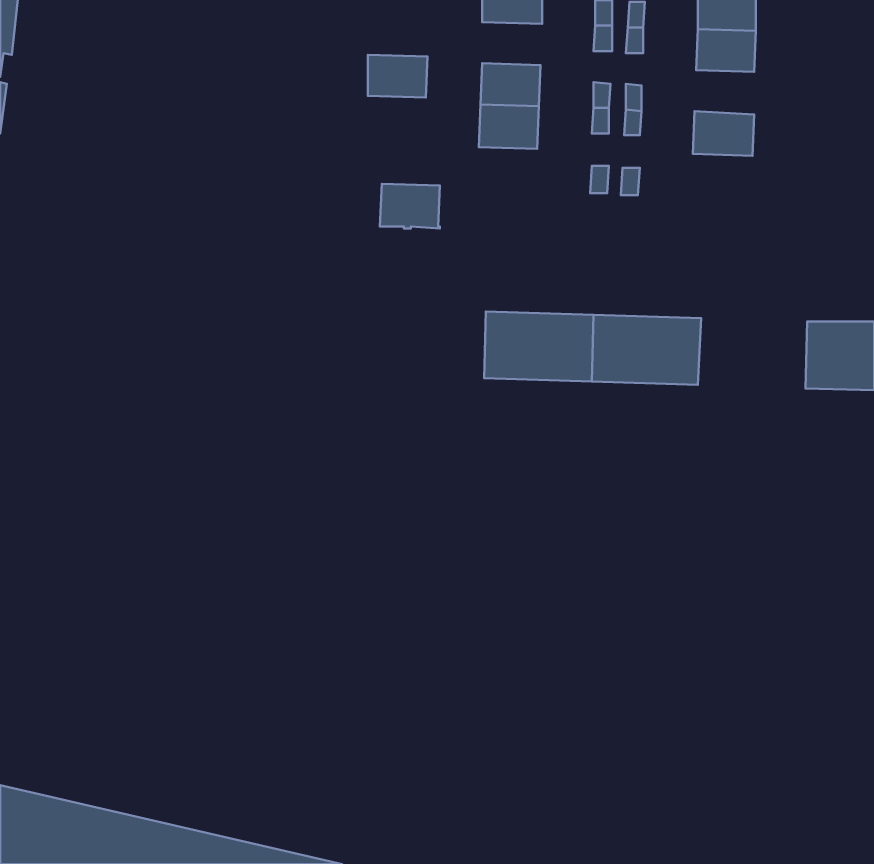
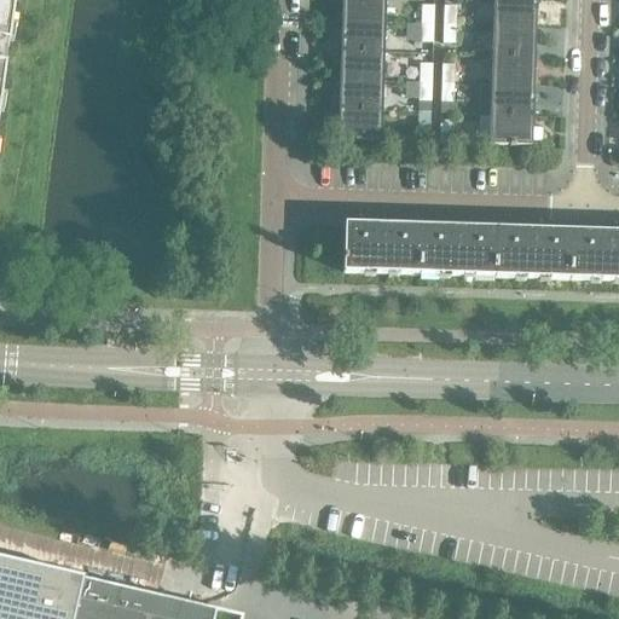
building: [368,55,428,97] -> [341,16,383,46]
building: none -> [491,50,533,81]
building: none -> [488,109,532,140]
building: [380,184,440,228] -> [337,104,380,135]
building: none -> [493,225,571,274]

